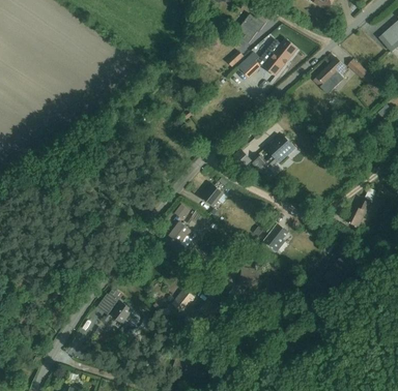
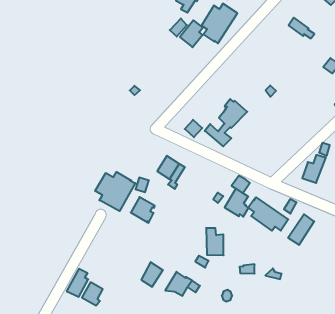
building: [313,58,347,91] -> none
building: none -> [95,172,135,211]
building: none -> [248,197,288,231]

